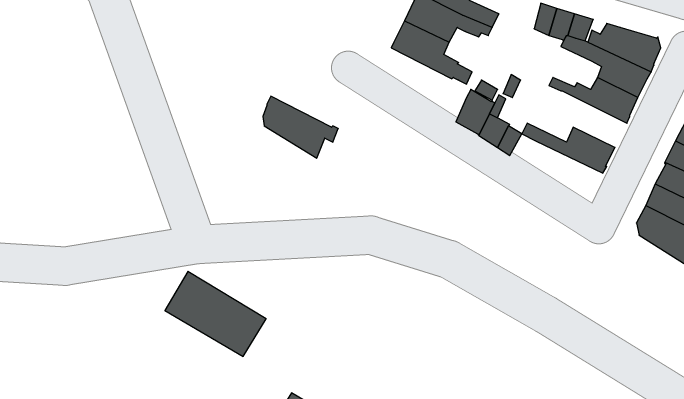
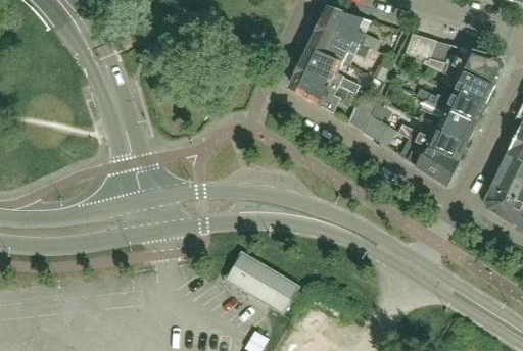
building: none -> [423,98,477,141]
building: [263,96,338,158] -> [292,65,349,112]
building: none -> [399,136,459,181]
building: [165,271,266,356] -> [224,249,300,313]

